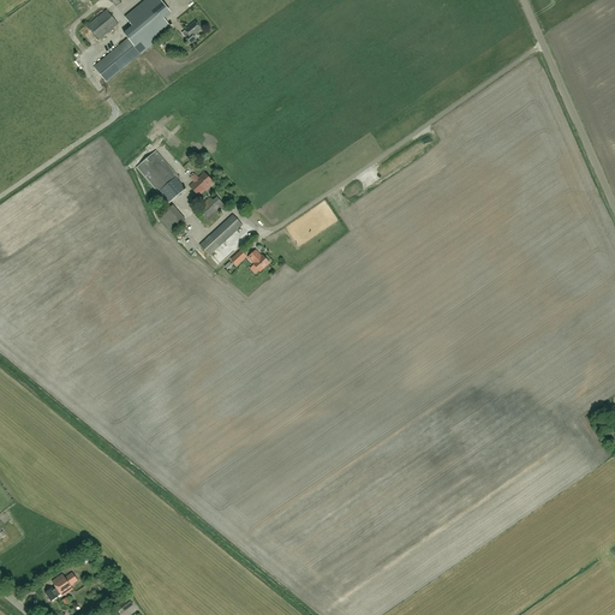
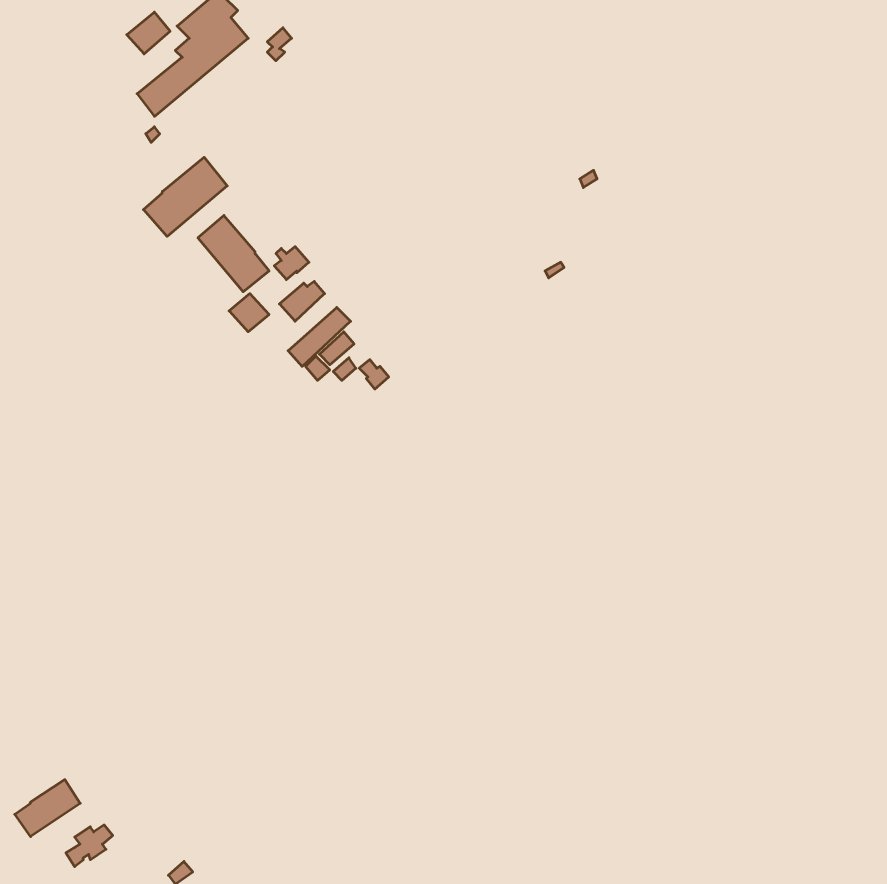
building: none -> [143,157,227,236]
building: none -> [15,780,80,837]

